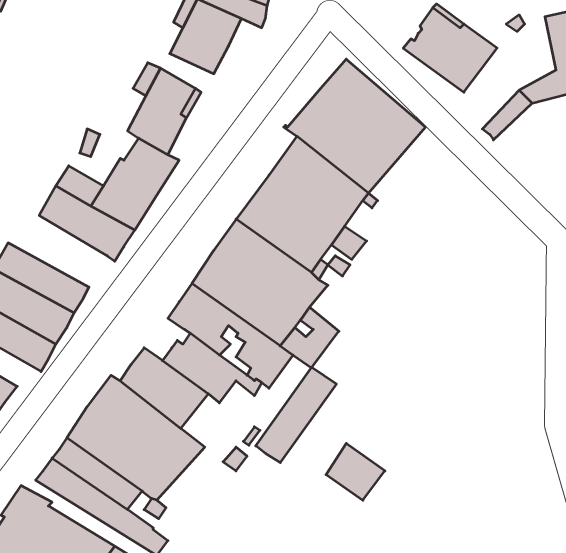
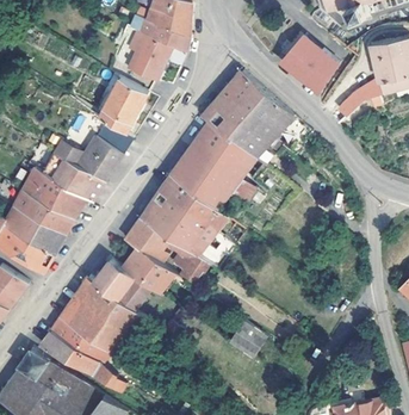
building: none -> [21,167,86,218]
building: [256,367,336,463] -> none

